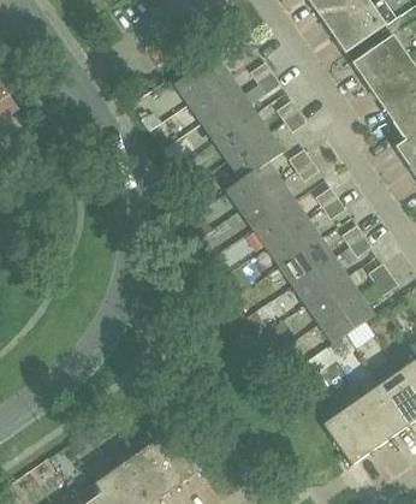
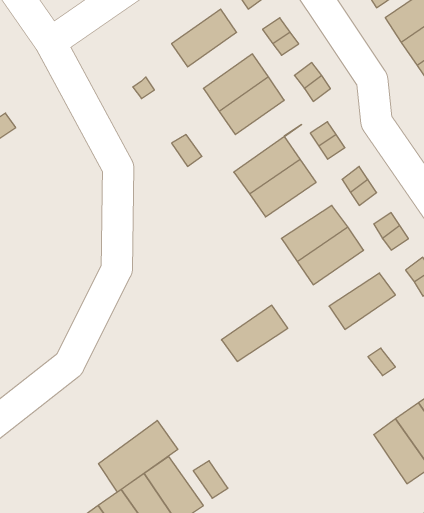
building: [188,75,242,121] -> none
building: [226,131,283,191] -> none
building: [252,200,308,247] -> none
building: [292,256,347,303] -> [221,305,288,361]
building: [319,293,375,344] -> none
building: none -> [99,420,178,492]
building: [322,410,370,466] -> none

